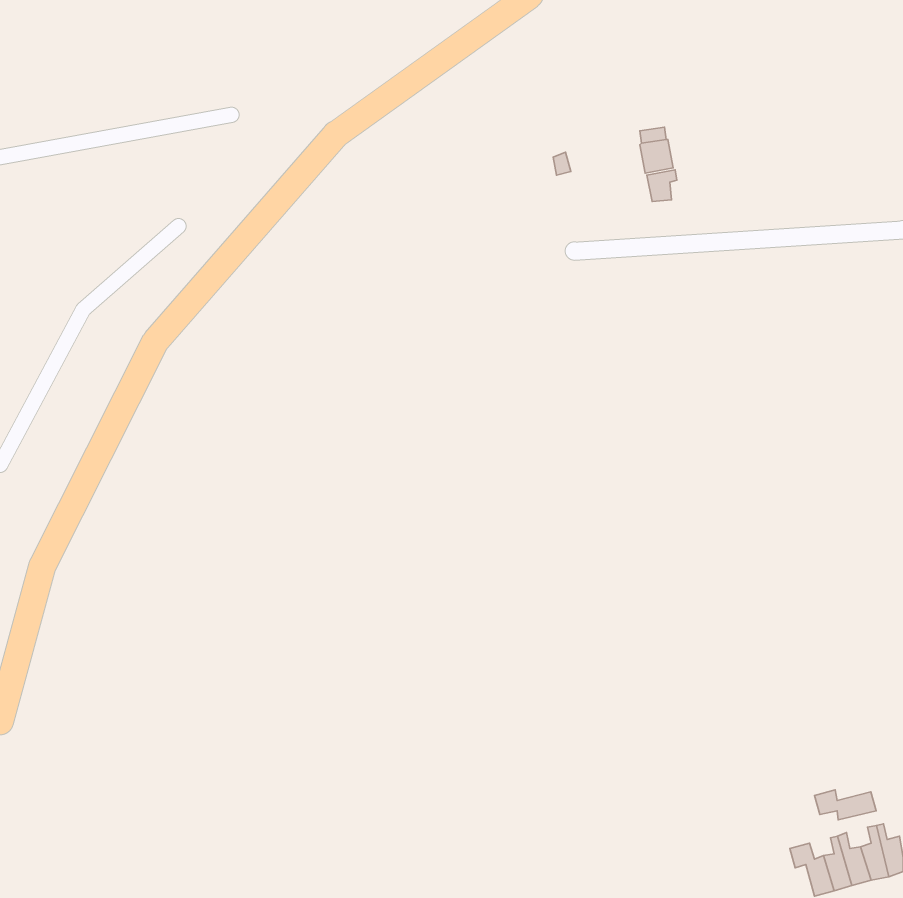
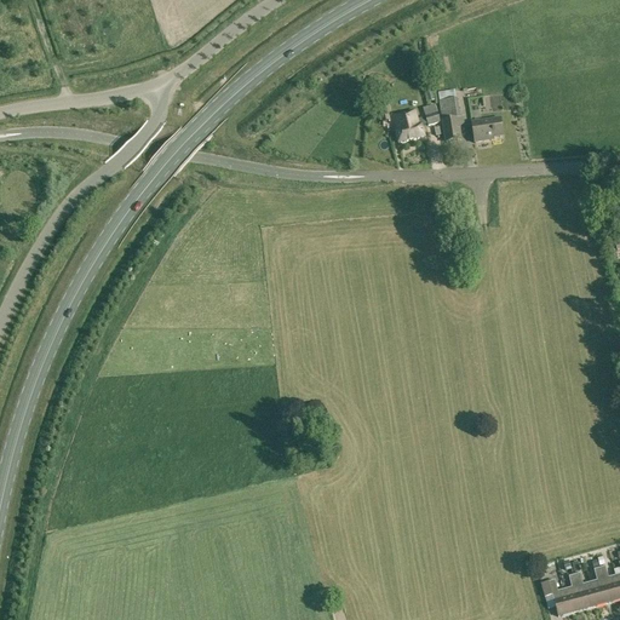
building: none -> [395,108,425,140]
building: none -> [472,115,504,140]
building: [815,790,876,820] -> none

